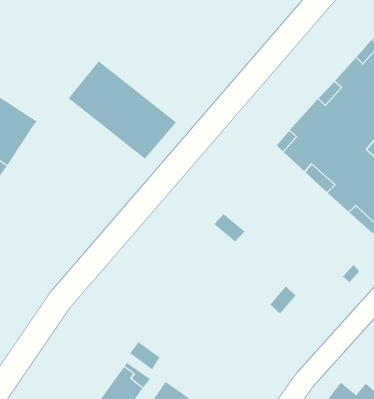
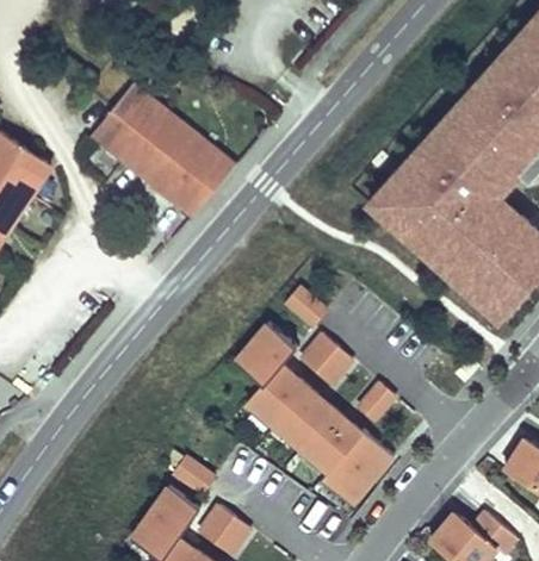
building: none -> [235,323,395,506]
building: none -> [304,339,355,391]

